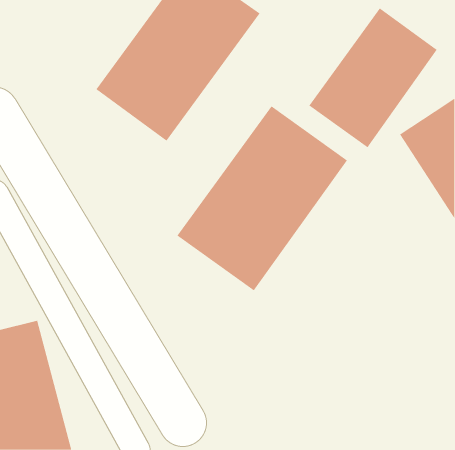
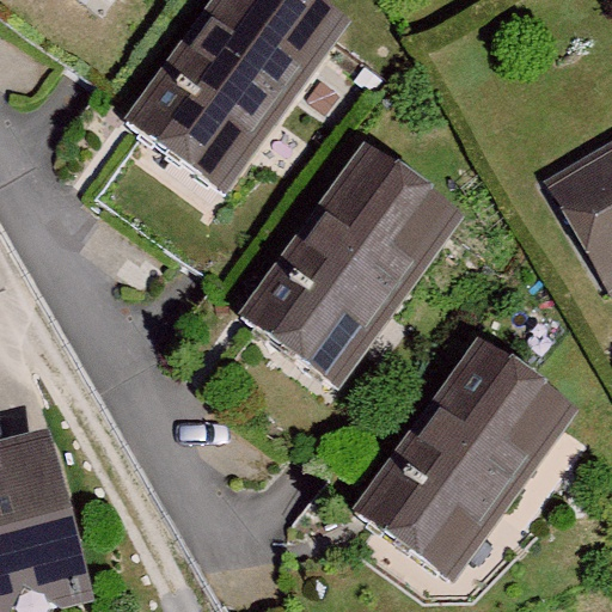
building: [309,7,438,148] -> none
building: none -> [356,336,582,577]

